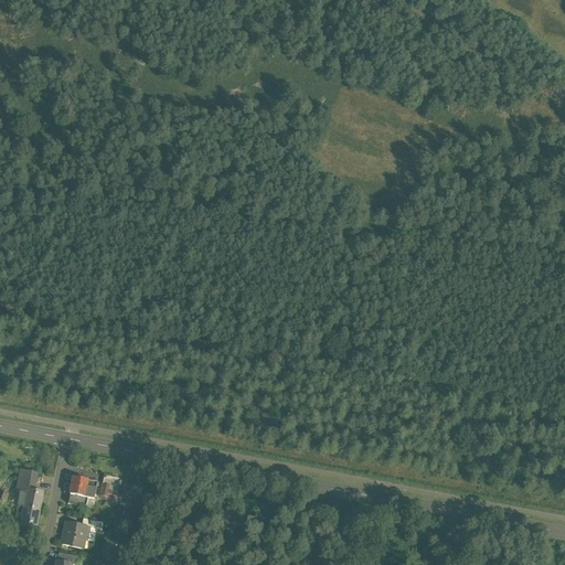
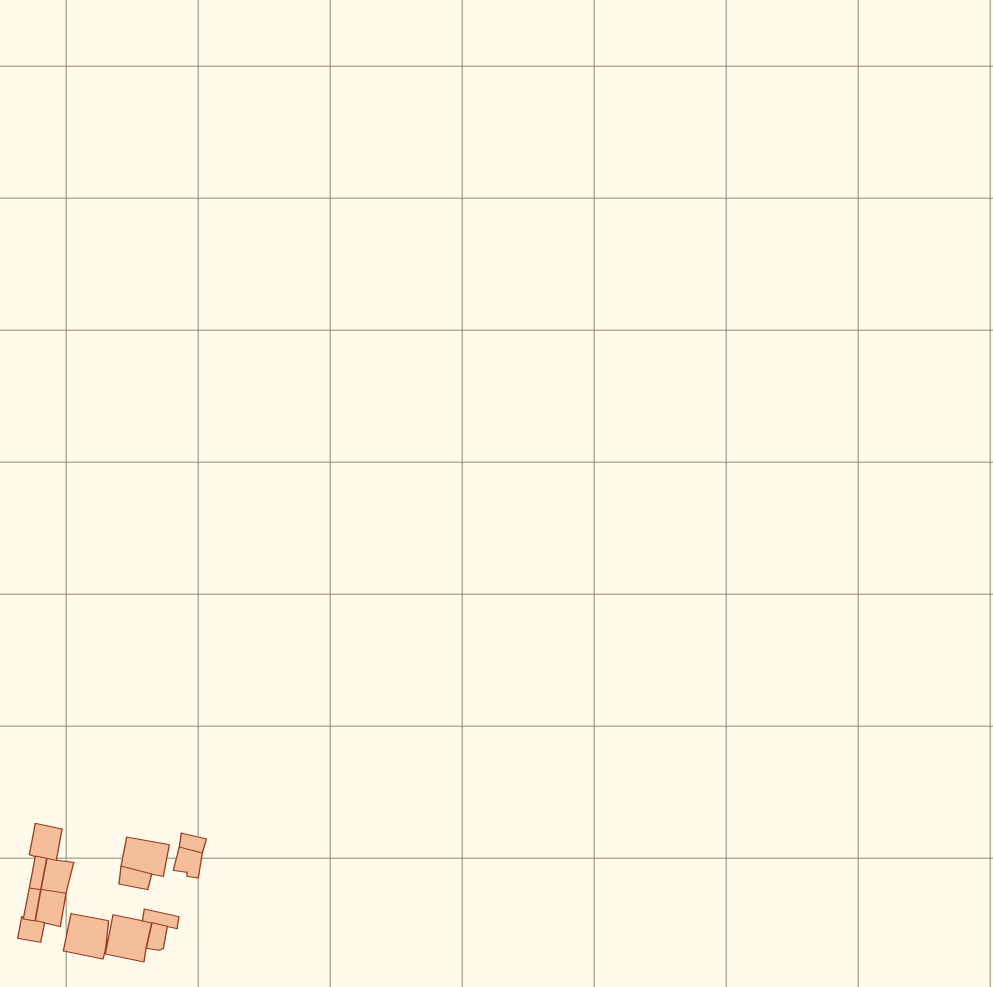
building: none -> [63,913,108,959]

